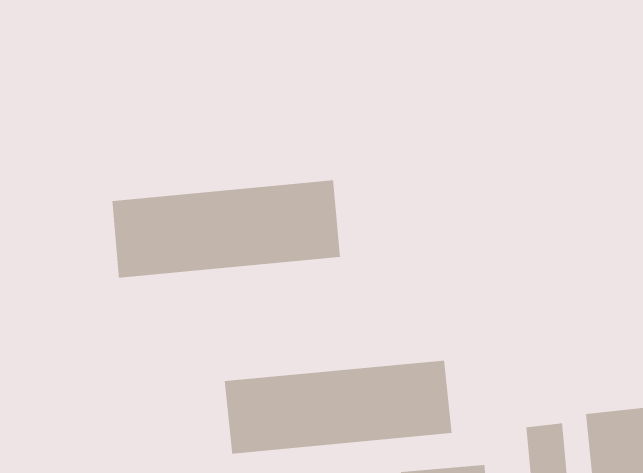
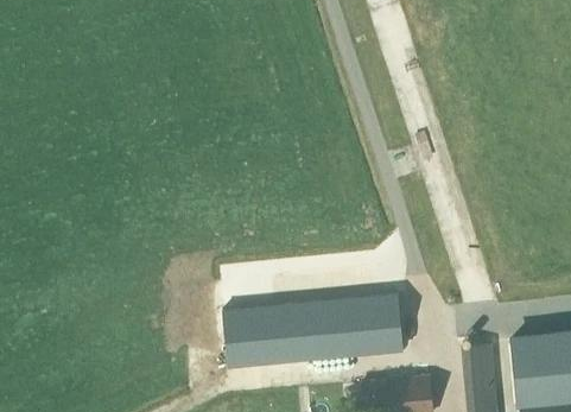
building: [112,179,340,278] -> none

